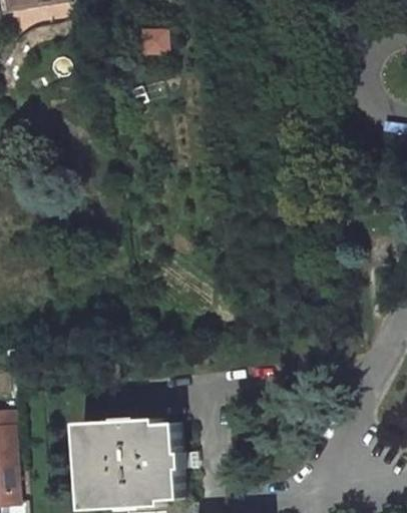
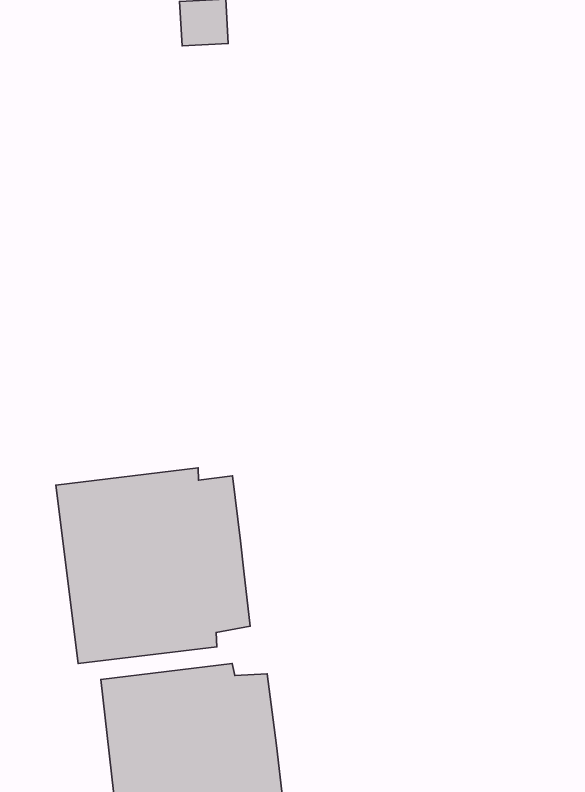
building: none -> [56,468,250,663]

